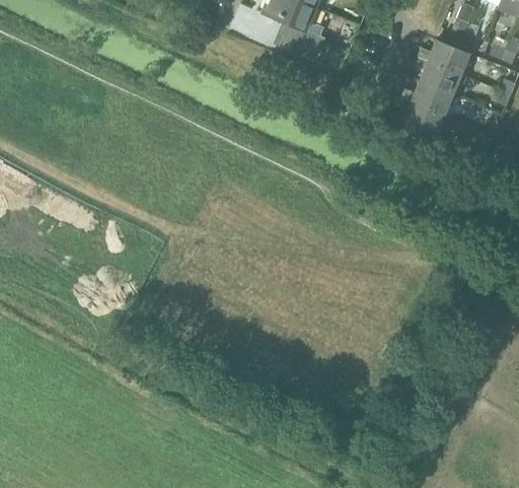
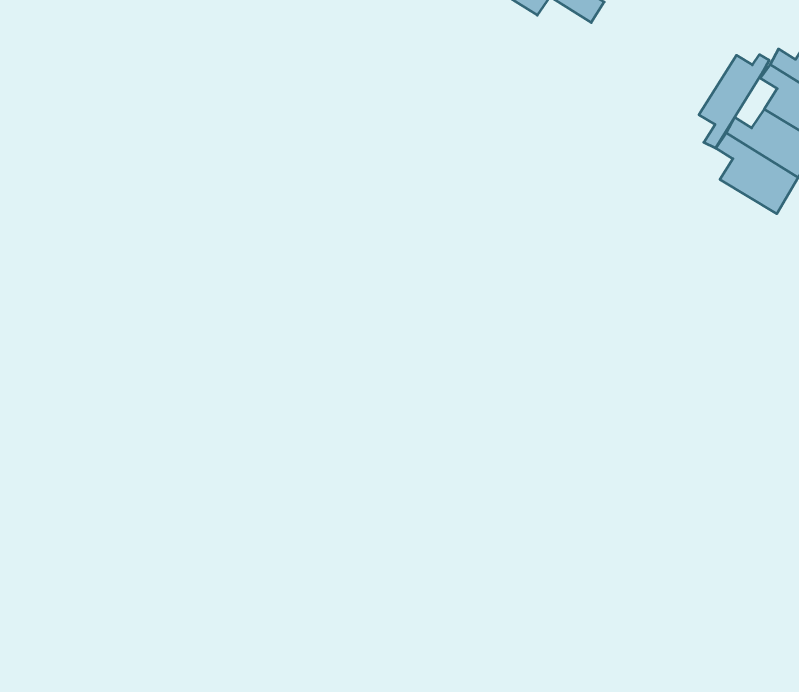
building: none -> [699,55,769,148]

